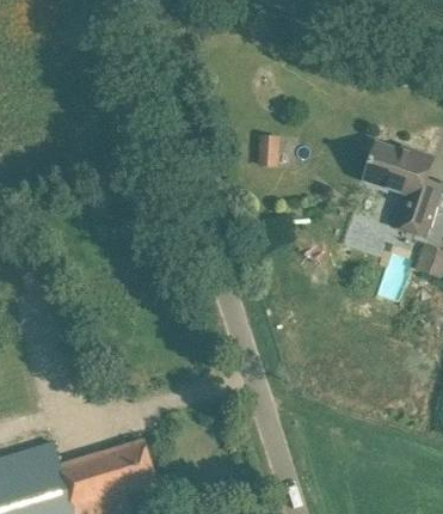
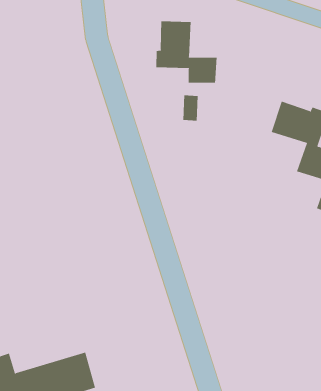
building: none -> [156,20,217,83]

